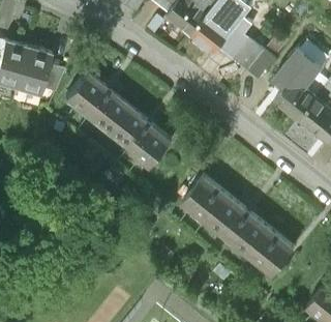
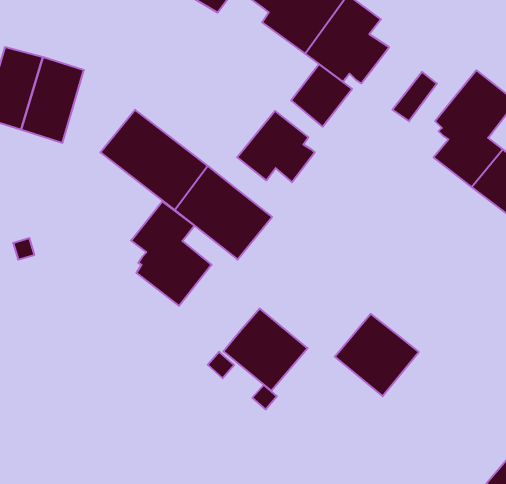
building: [228,33,266,72] -> [291,64,352,127]
building: none -> [237,111,315,182]
building: none -> [131,202,212,306]
building: [181,176,234,228] -> [223,309,308,391]
building: [241,225,294,277] -> none

